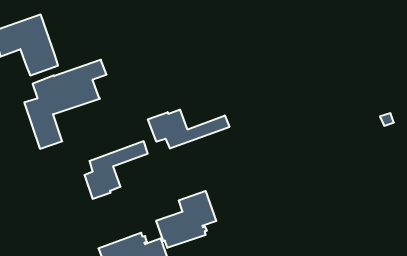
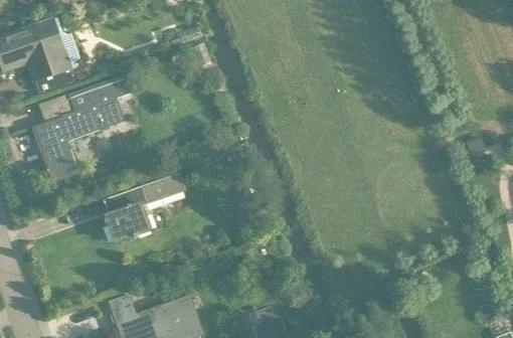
building: [148,110,229,149] -> none
building: [156,191,216,248] -> none

